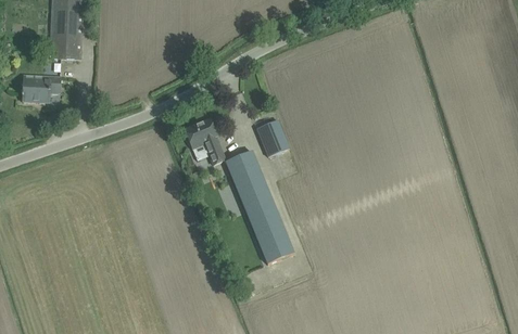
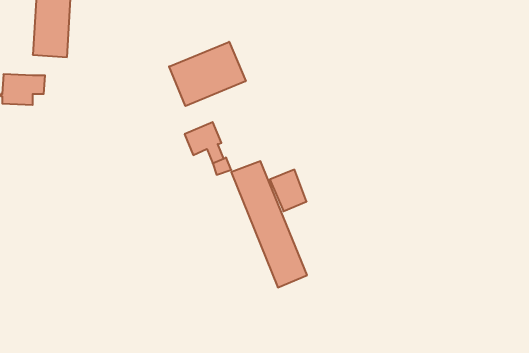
building: none -> [169,42,246,106]
building: [256,118,289,155] -> [270,170,307,211]

